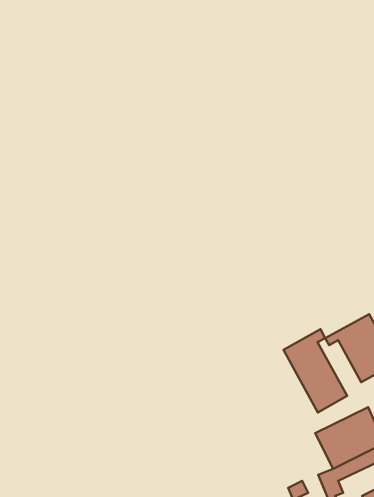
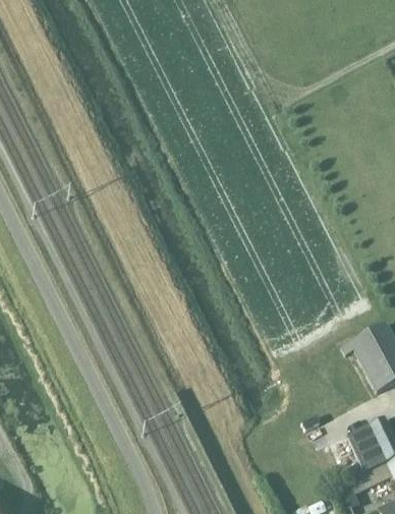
building: [283,329,347,412] -> none

